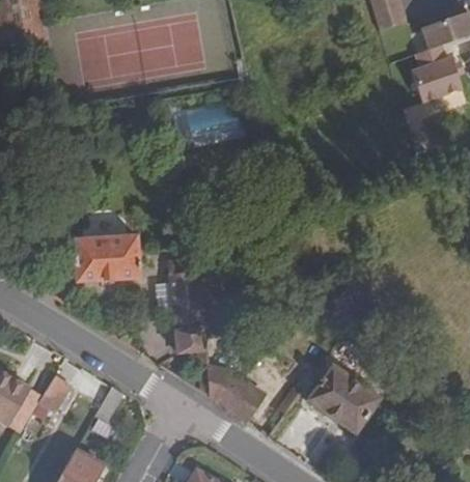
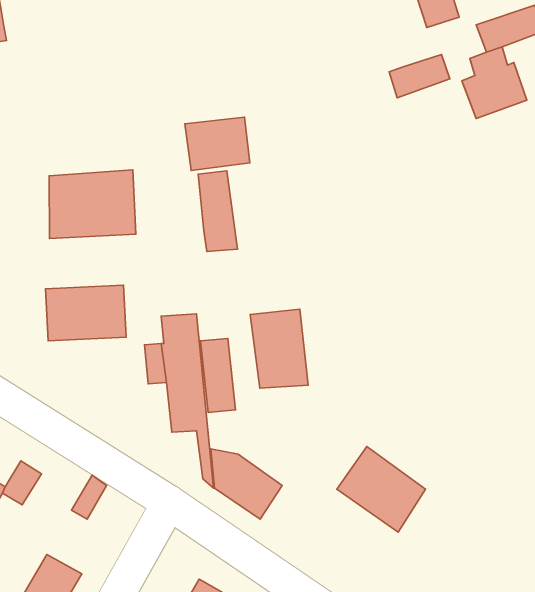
building: none -> [389,55,450,98]
building: none -> [49,170,136,238]
building: none -> [198,171,237,252]
building: none -> [250,309,308,388]

